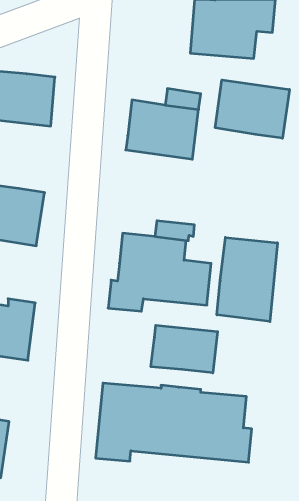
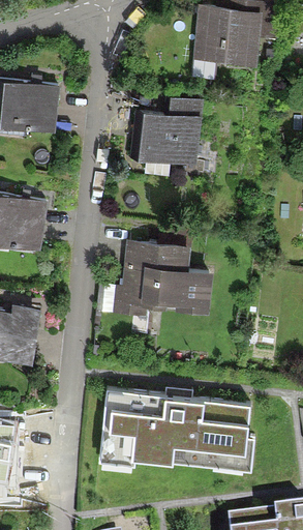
building: [215,80,289,138] -> none
building: [217,237,277,322] -> none
building: [151,325,218,373] -> none

